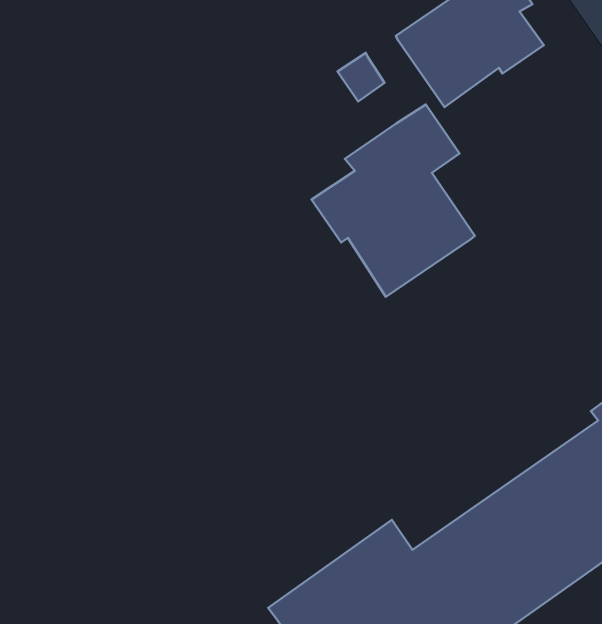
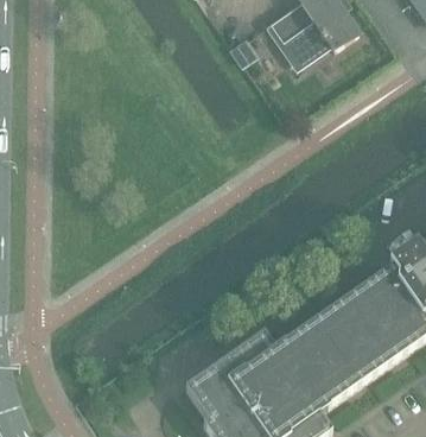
building: [311,105,475,297] -> none

